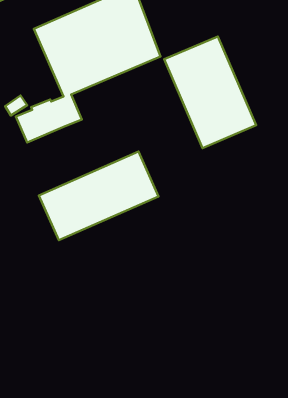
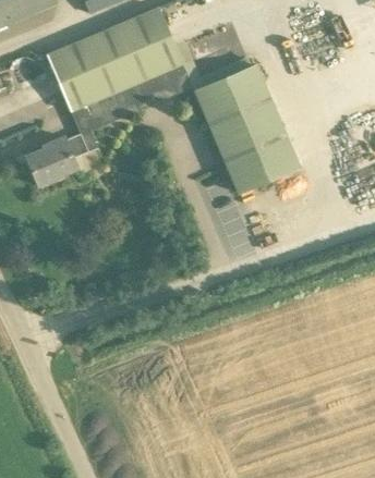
building: [39,151,158,240] -> none

